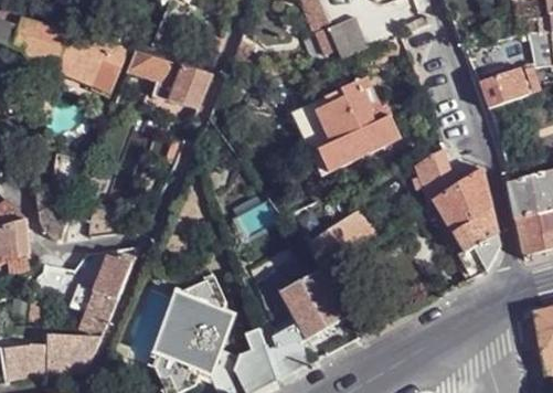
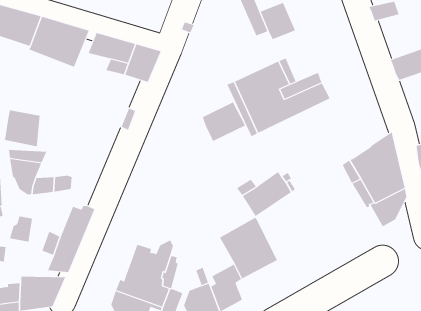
building: none -> [202,102,246,142]
building: none -> [5,109,40,147]
building: [423,145,456,197] -> none
building: [147,275,223,368] -> none

